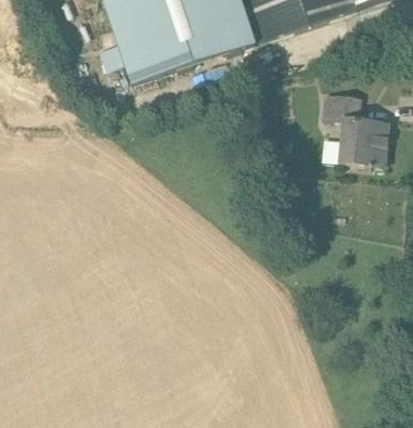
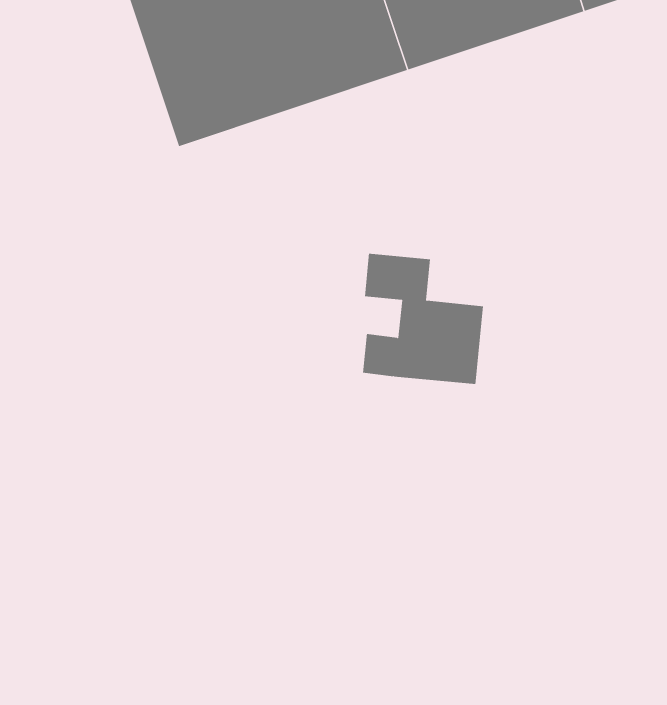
building: [321,92,388,165] -> [362,253,484,385]

